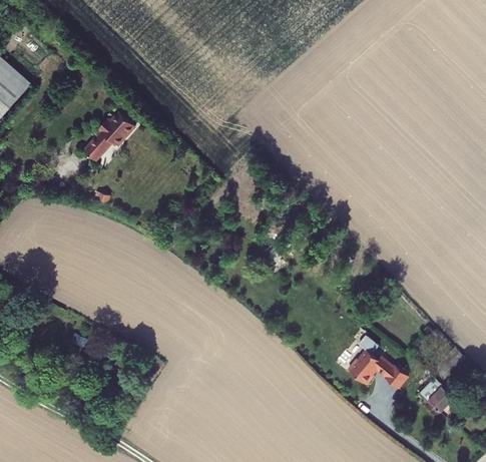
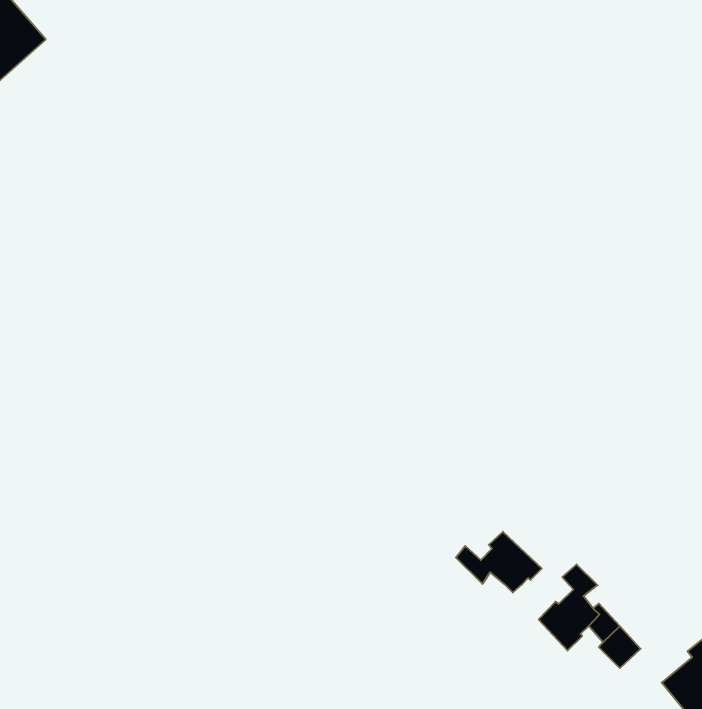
building: [85,112,136,159] -> none
building: none -> [456,532,542,593]

